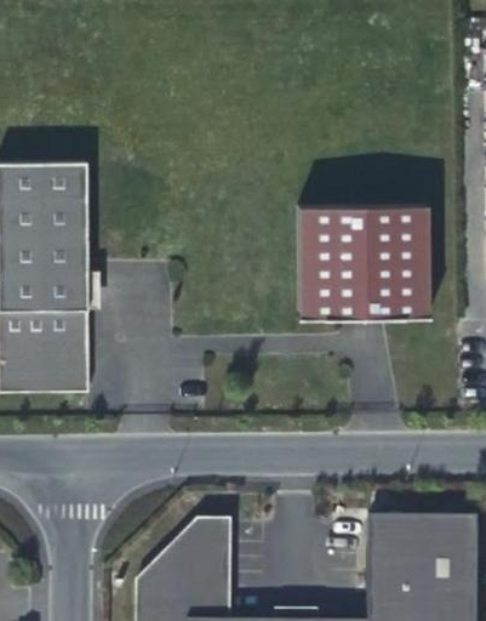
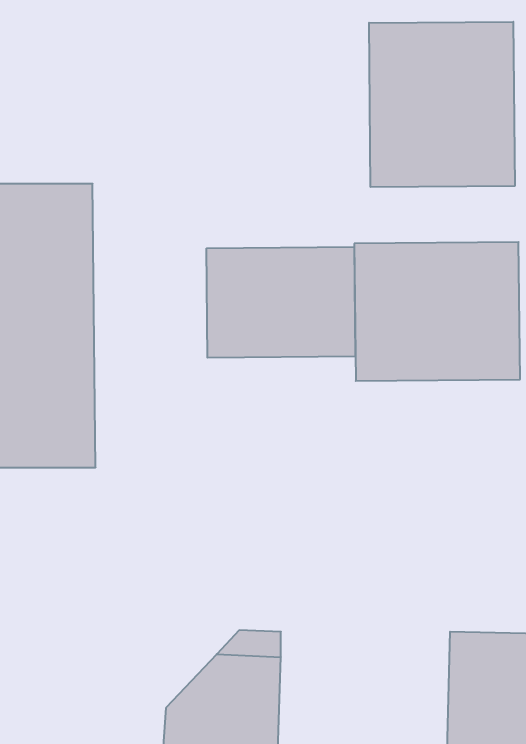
building: none -> [369,22,515,187]
building: none -> [207,247,355,358]

